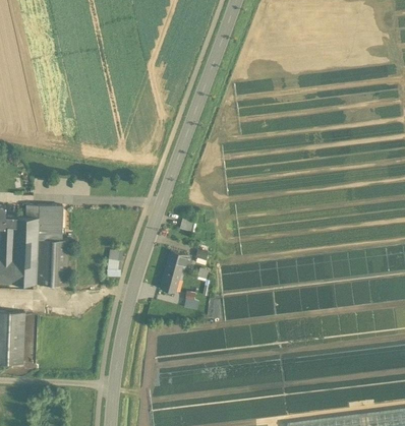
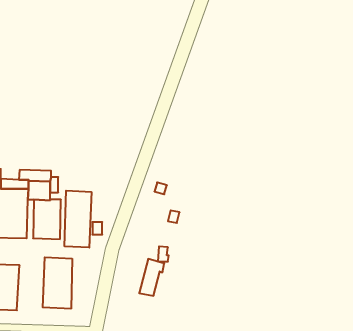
building: none -> [65,191,91,248]
building: [160,251,188,293] -> [139,259,164,296]
building: none -> [43,257,72,309]

